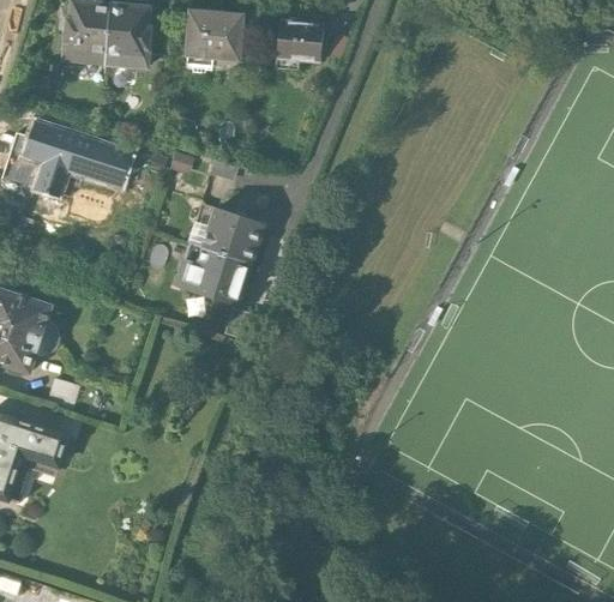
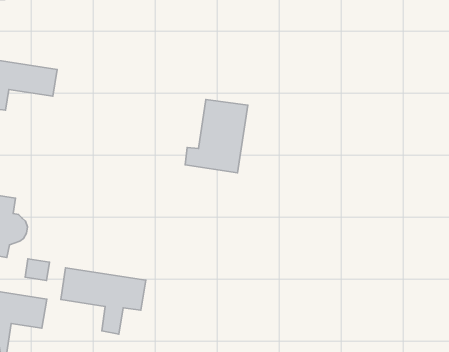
building: [174,209,261,303] -> [185,100,248,173]
building: none -> [61,268,146,334]

